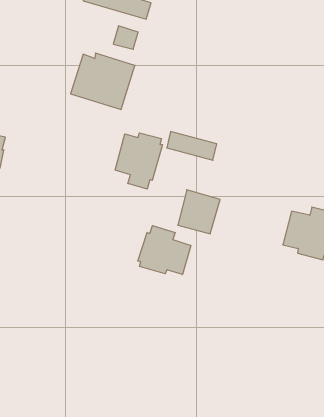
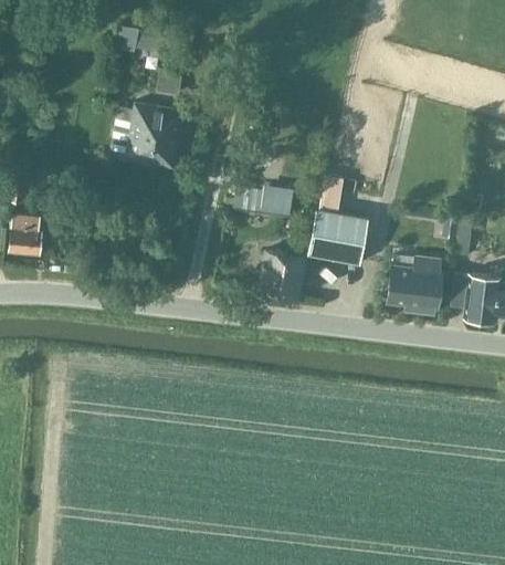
building: none -> [308,174,368,264]
building: [115,133,162,189] -> none
building: [138,226,191,275] -> none

